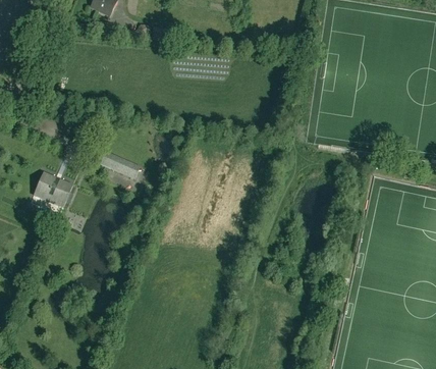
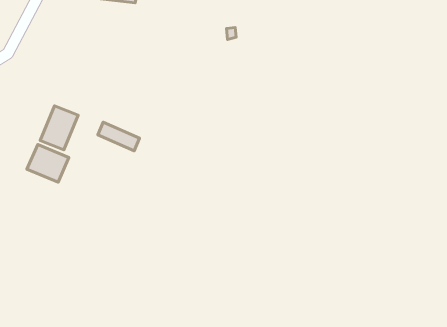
building: none -> [40,106,78,150]

